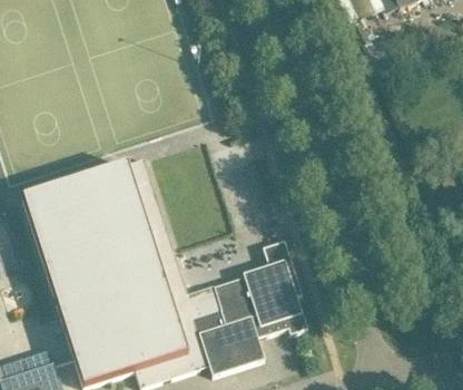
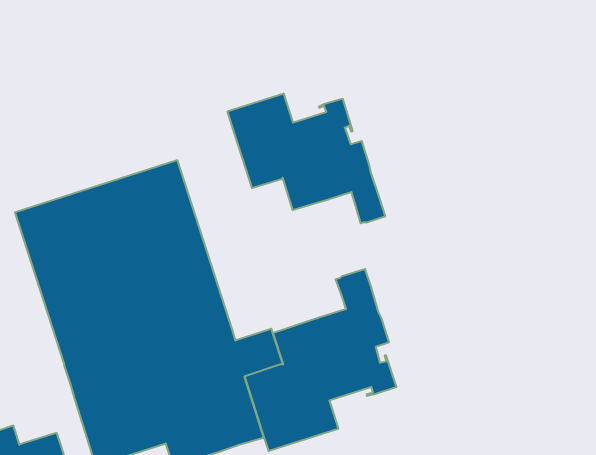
building: none -> [228,93,385,223]

